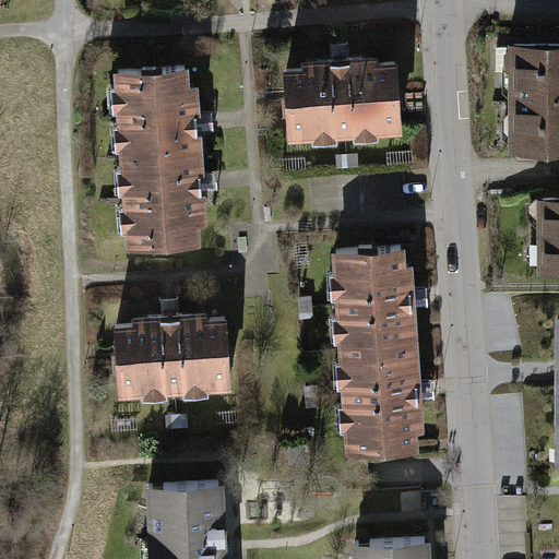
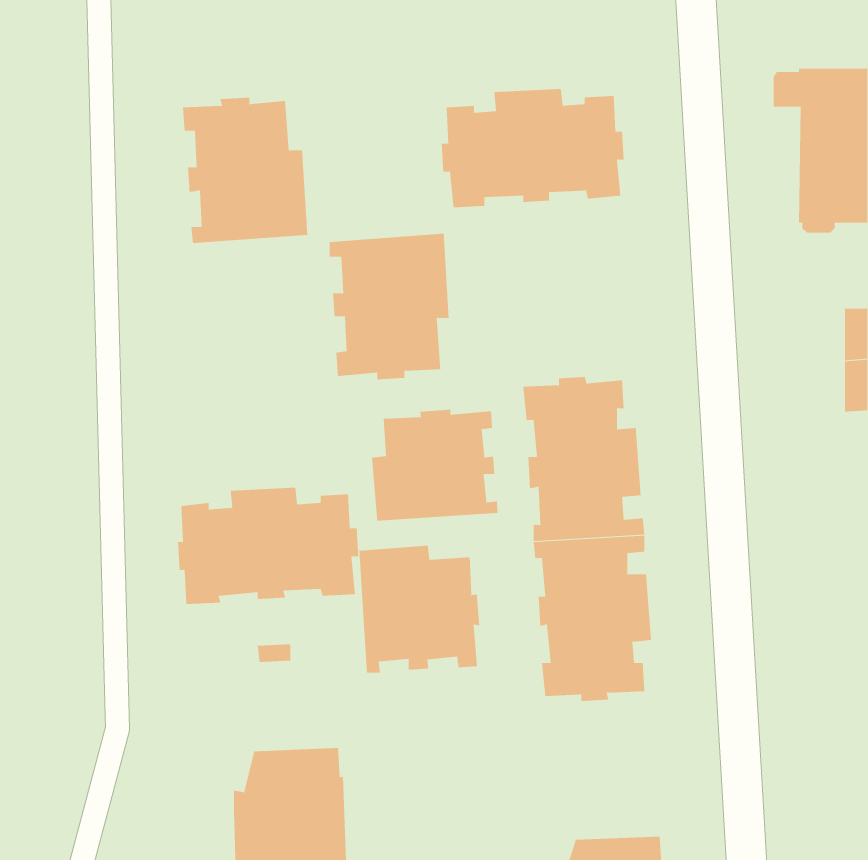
building: [123,157,201,251] -> [329,233,450,380]
building: none -> [371,409,498,521]
building: none -> [359,545,480,673]

